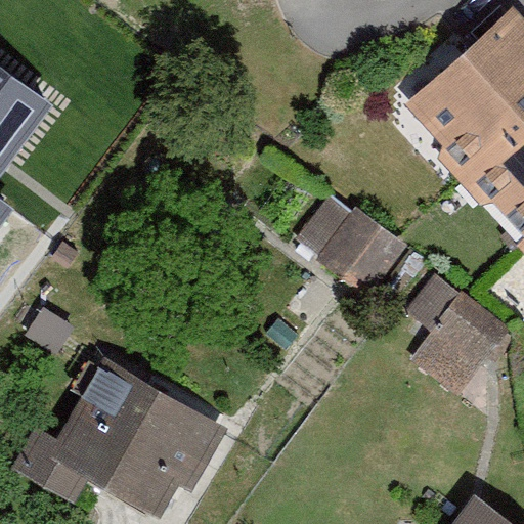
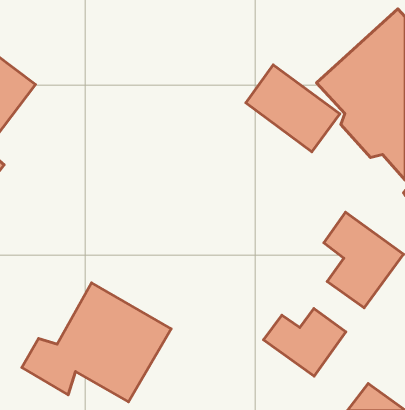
building: [298,199,418,309] -> [246,65,340,152]
building: none -> [264,308,346,376]

